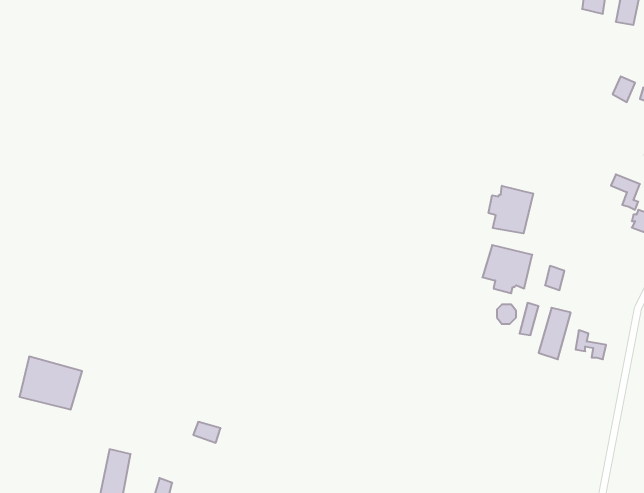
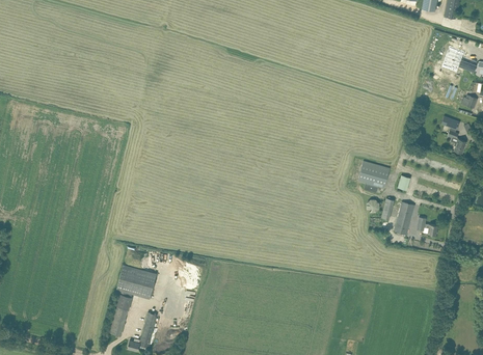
building: [489,186,533,233] -> none
building: [19,357,82,410] -> [116,264,157,298]

